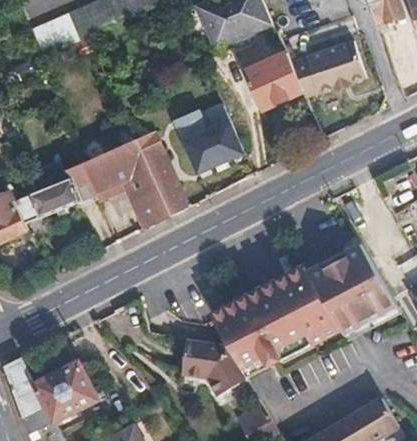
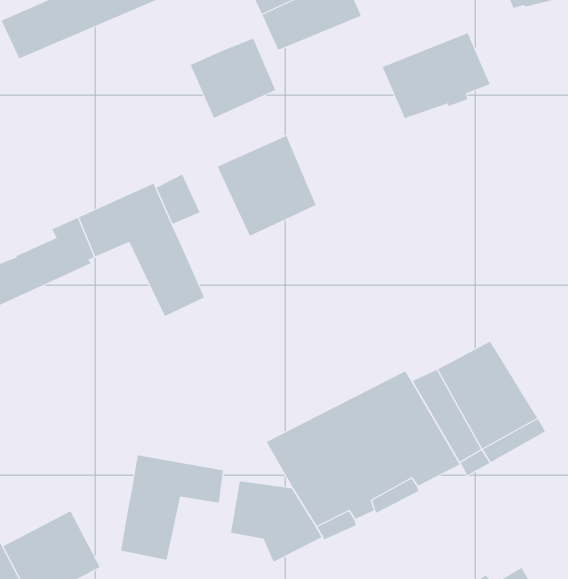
building: [242,53,300,107] -> [190,38,276,118]
building: [147,158,188,215] -> none
building: none -> [121,454,224,560]

